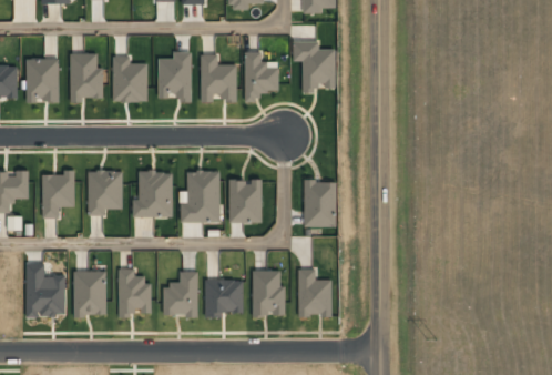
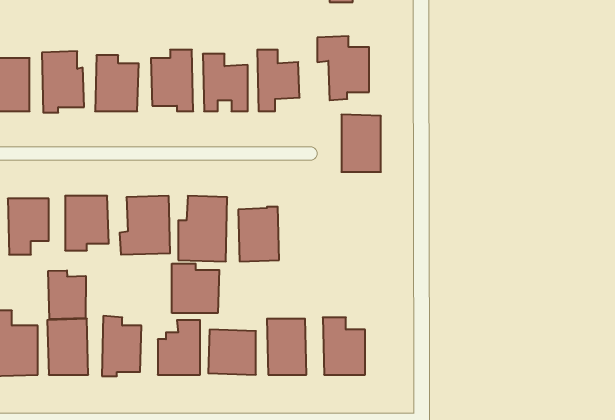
building: [304,180,336,226] -> [341,115,381,172]
building: none -> [172,264,219,313]
building: none -> [48,270,86,319]

